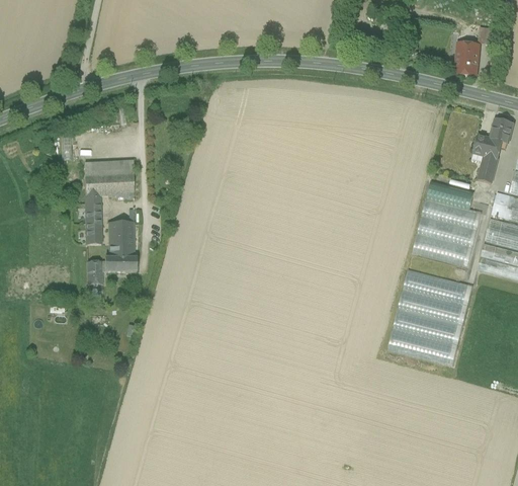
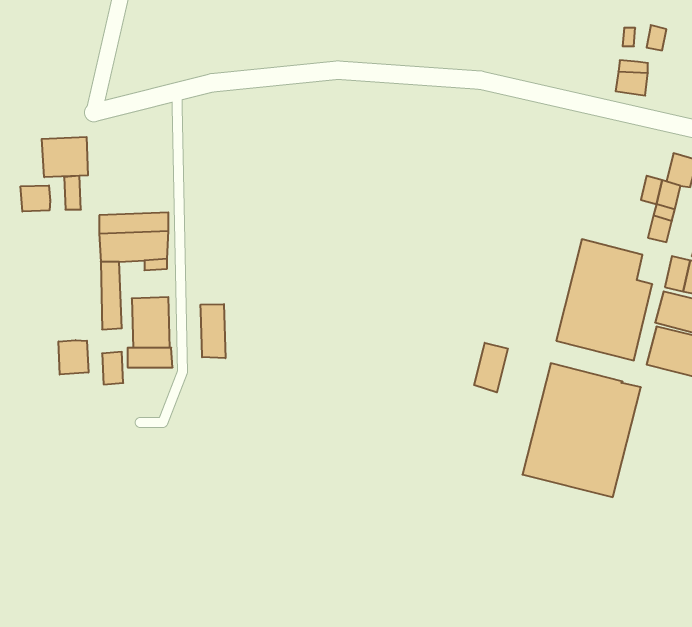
building: none -> [42,137,88,177]
building: none -> [21,185,50,212]
building: none -> [201,304,225,358]
building: none -> [59,340,88,375]
building: none -> [474,343,508,392]

